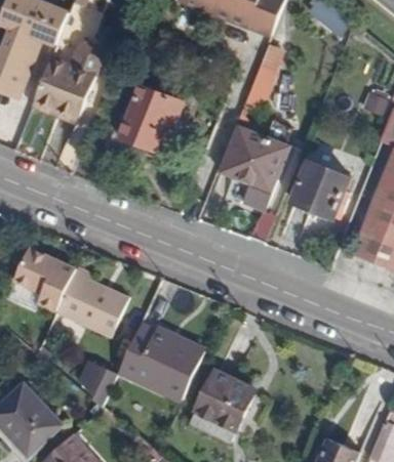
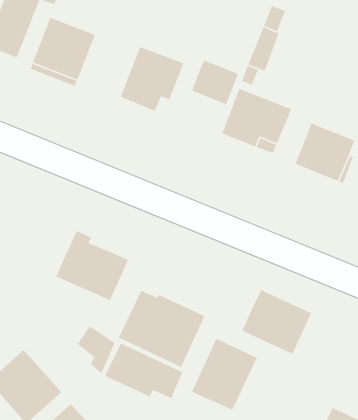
building: none -> [191,60,239,105]
building: [13,249,75,310] -> none
building: none -> [241,289,312,355]
building: none -> [104,343,183,399]

